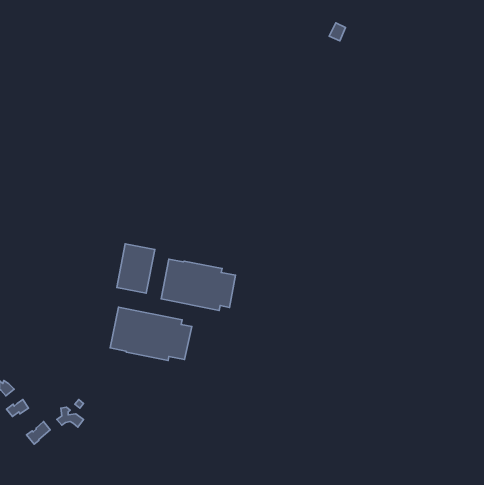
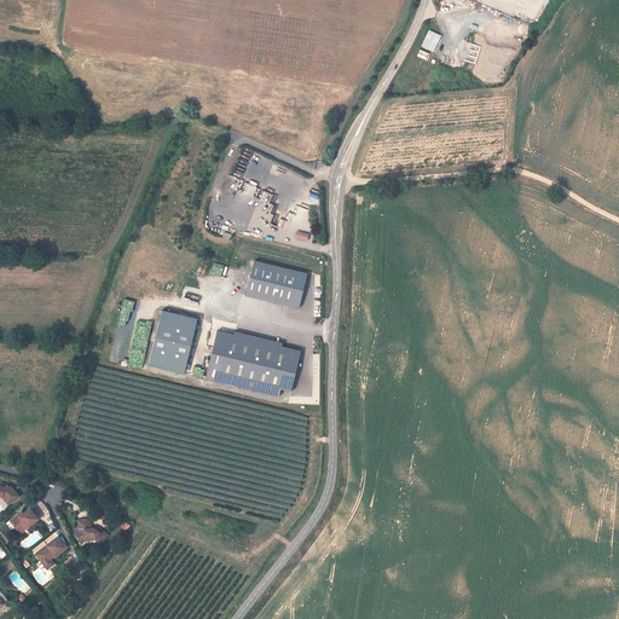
building: none -> [245,261,307,308]
building: [110,307,192,360] -> none

